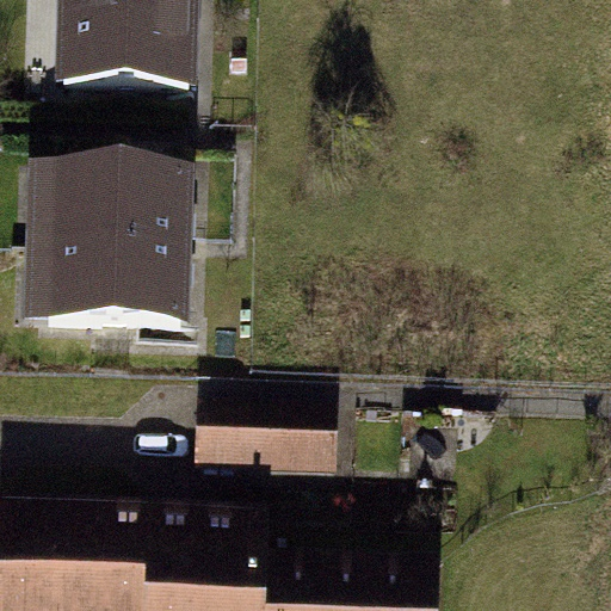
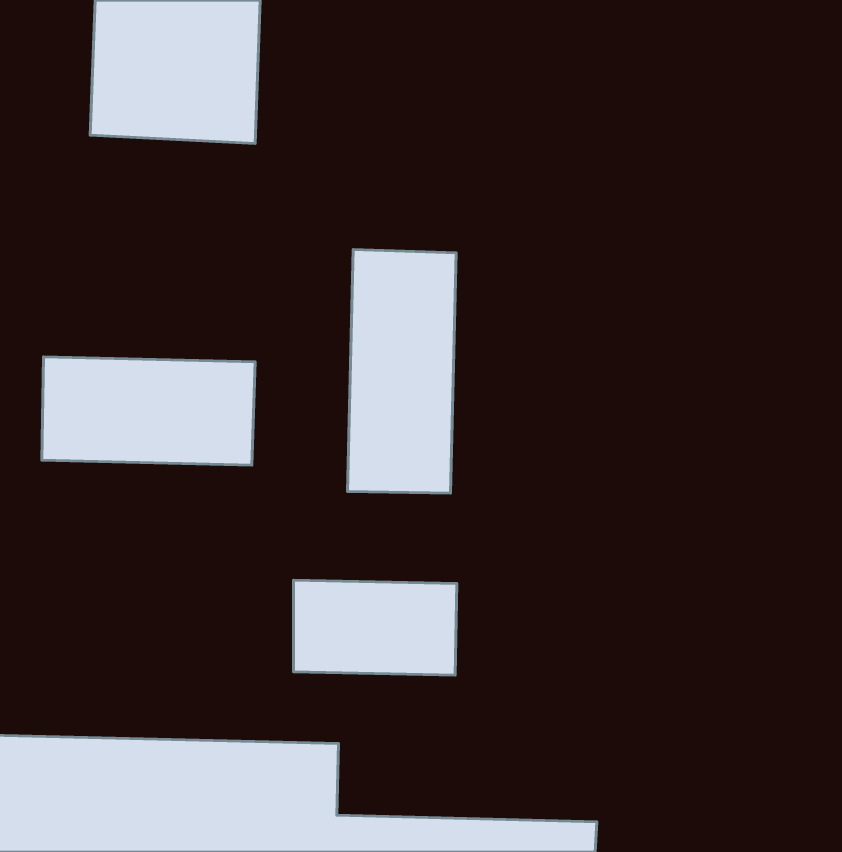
building: none -> [348,250,456,493]
building: [31,179,184,259] -> none

